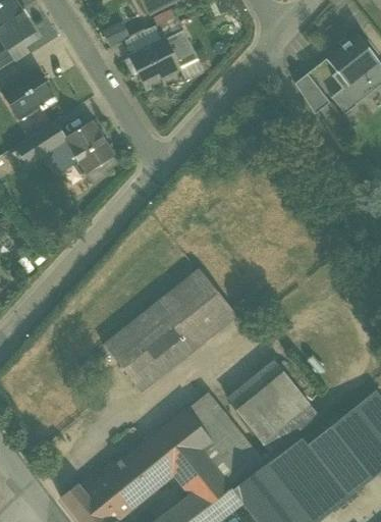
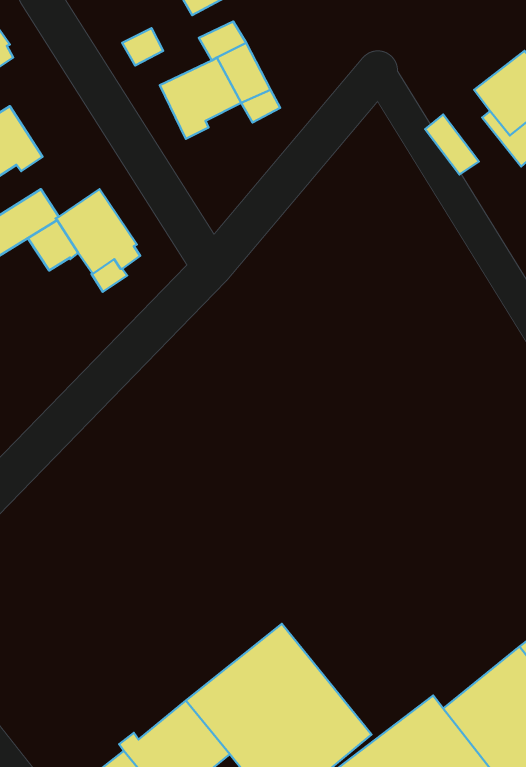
building: [101,267,237,393] -> none
building: [227,364,308,440] -> none

